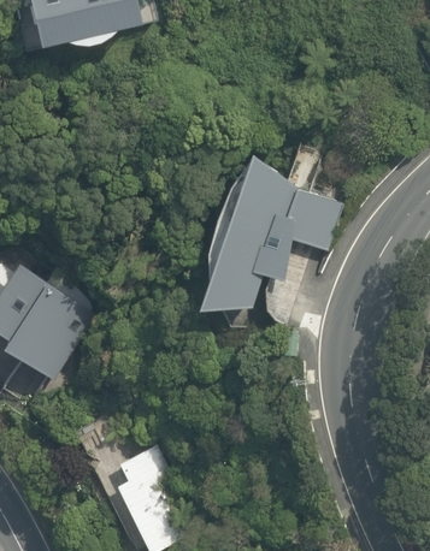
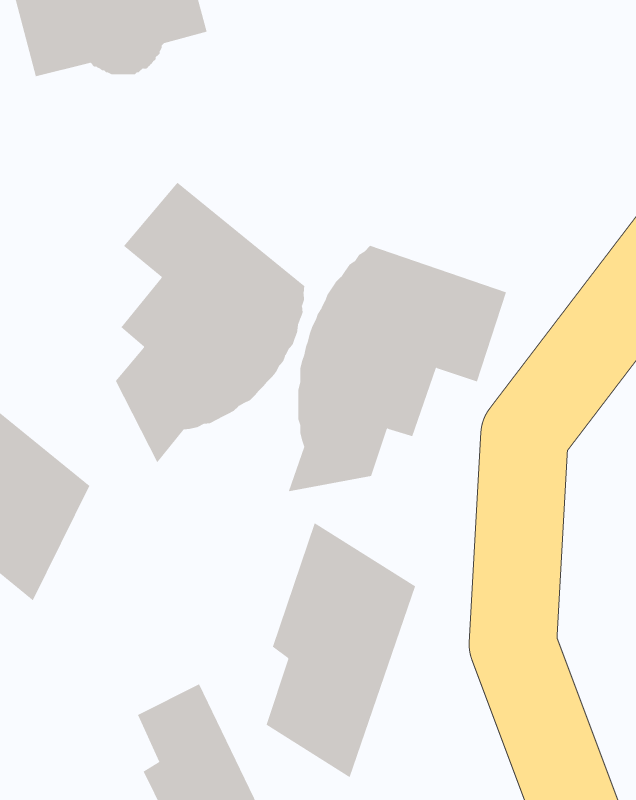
building: none -> [115,182,305,463]
building: none -> [266,522,416,778]

